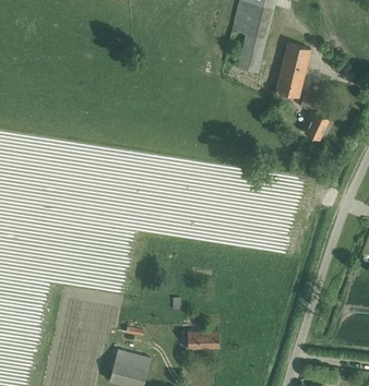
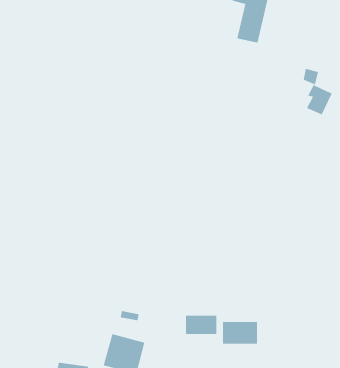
building: [275,44,310,98] -> none
building: none -> [222,321,257,344]

